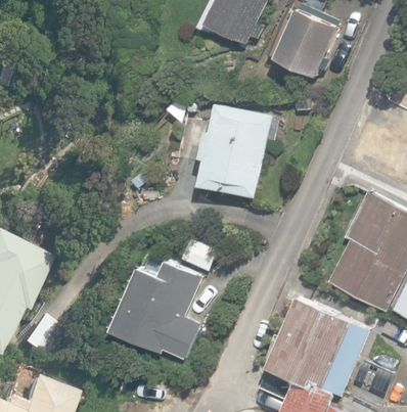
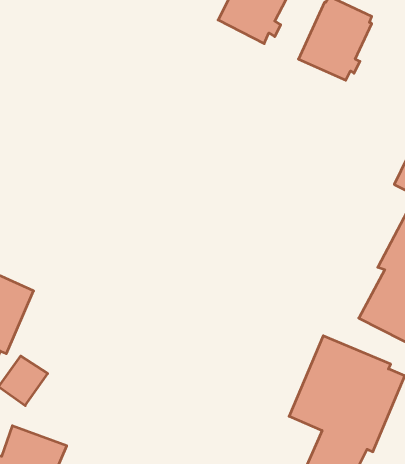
building: [197,103,272,198] -> none
building: [110,261,201,359] -> none

